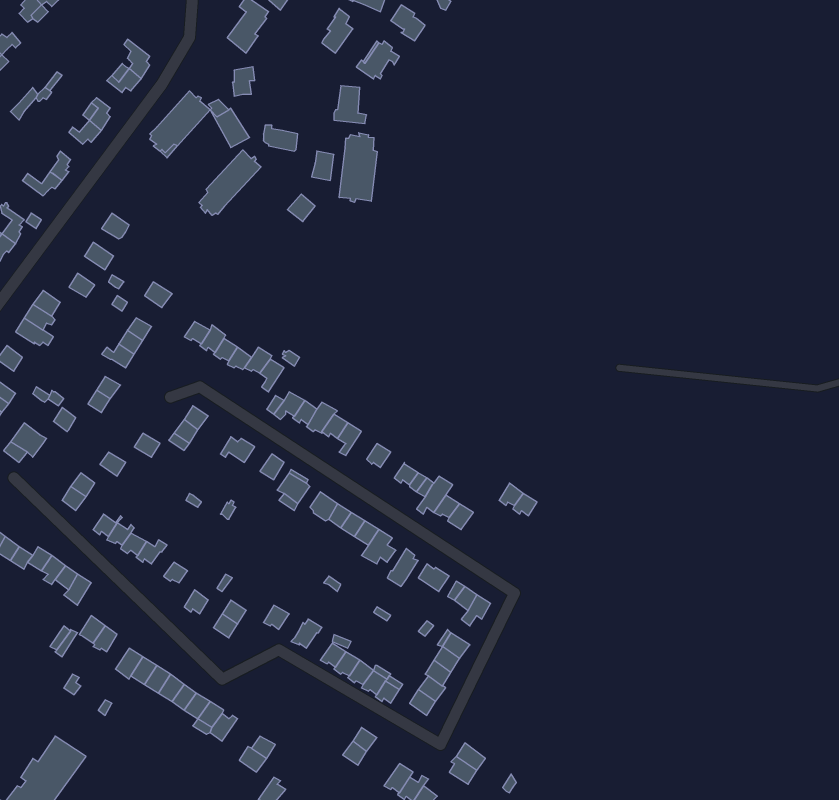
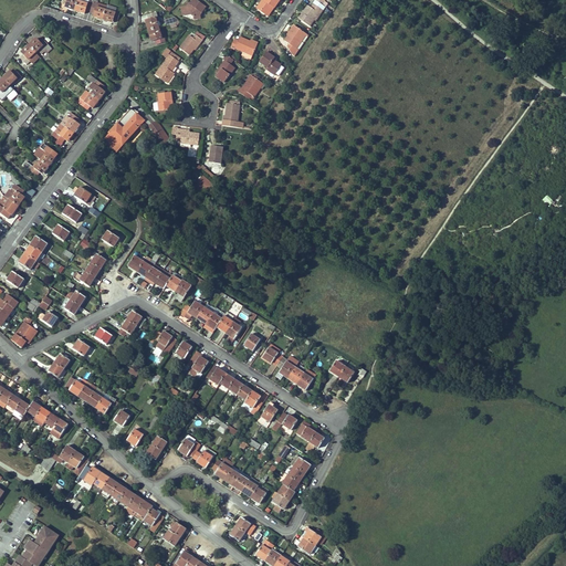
building: [339,133,377,202] -> none
building: [199,150,261,215] -> none

